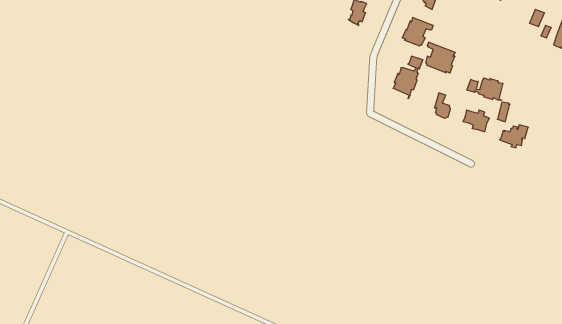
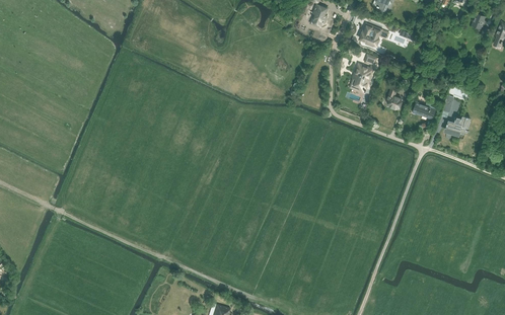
building: [426,42,455,73] -> none
building: [467,78,503,100] -> none

